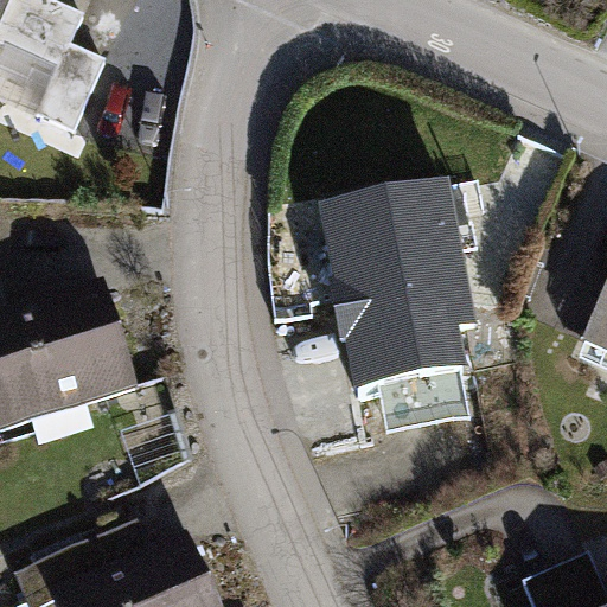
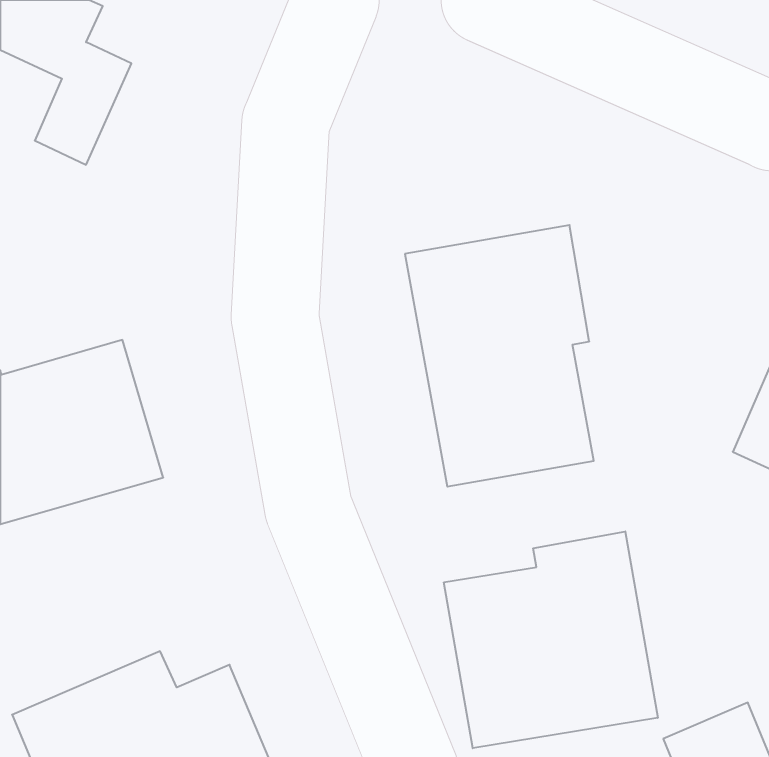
building: none -> [444,531,658,748]

